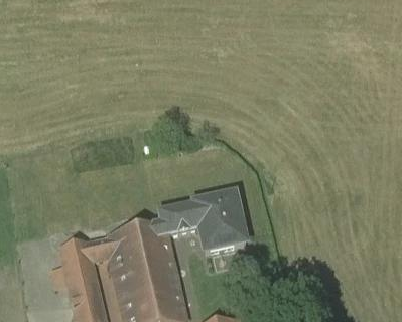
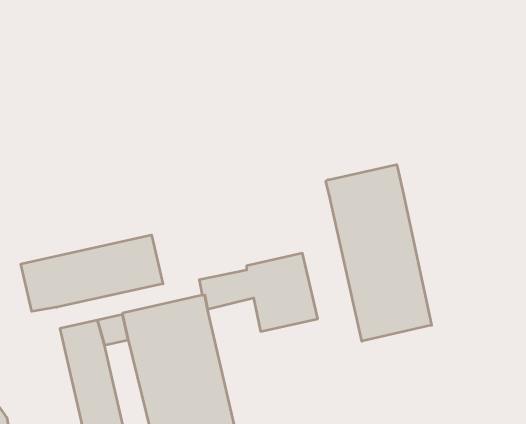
building: none -> [326,165,432,341]
building: none -> [21,235,163,311]

